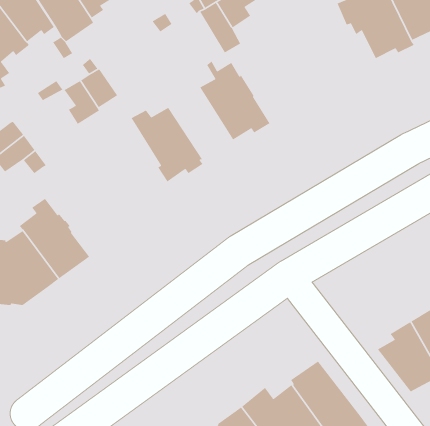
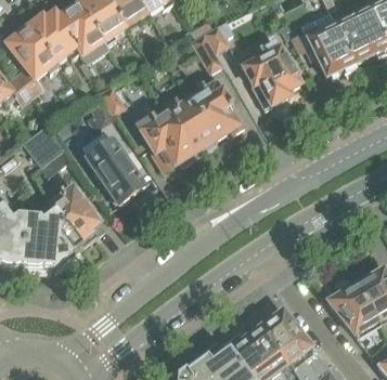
building: none -> [243,41,300,109]
building: none -> [165,99,216,155]
building: none -> [82,131,145,206]

